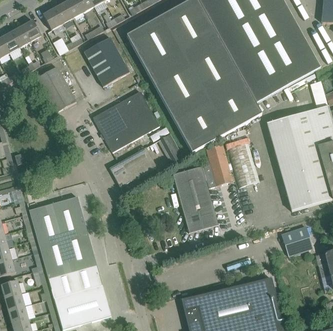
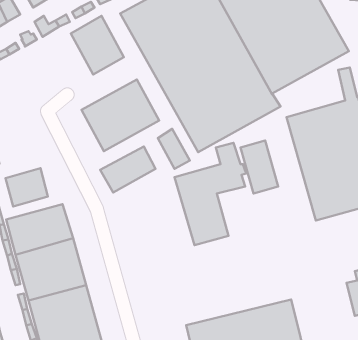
building: [35,65,76,113] -> none
building: none -> [6,168,48,206]
building: [281,225,313,255] -> none

